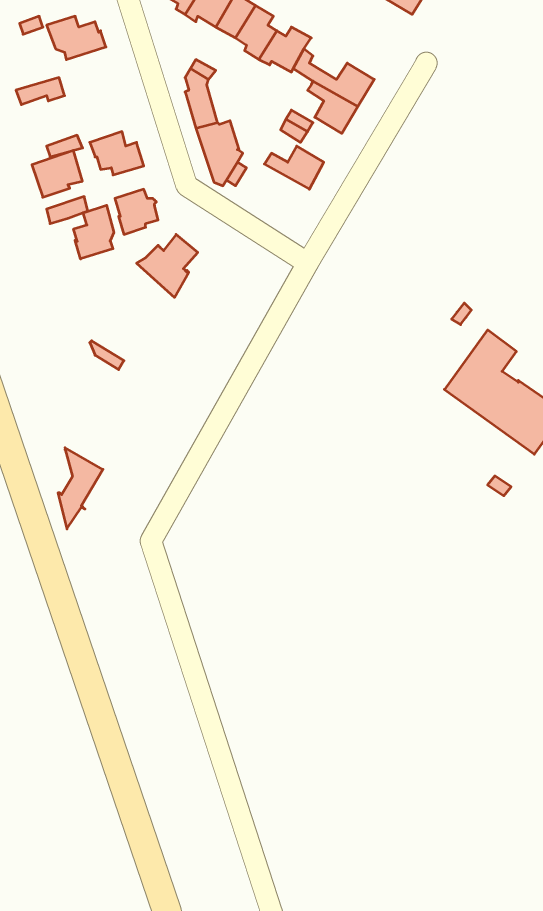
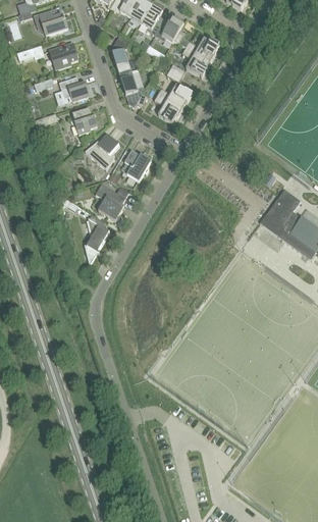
building: [32,150,82,197] -> [49,42,77,68]
building: none -> [154,94,182,123]
building: [74,205,114,259] -> none
building: none -> [121,150,151,181]
building: none -> [95,182,125,220]
building: [58,448,103,529] -> [84,218,109,264]

